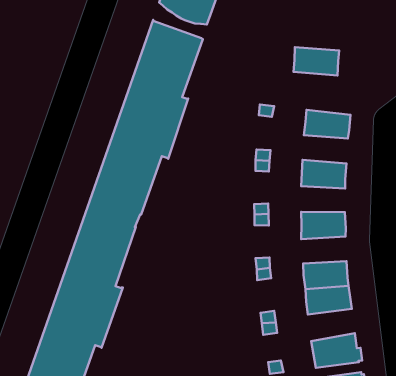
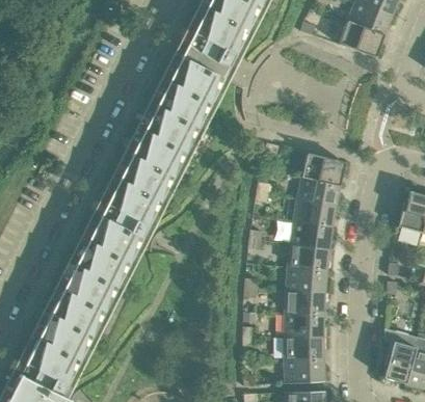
building: [294,47,339,75] -> [296,175,339,205]
building: none -> [289,219,330,247]
building: none -> [285,266,325,291]
building: none -> [283,333,322,357]

